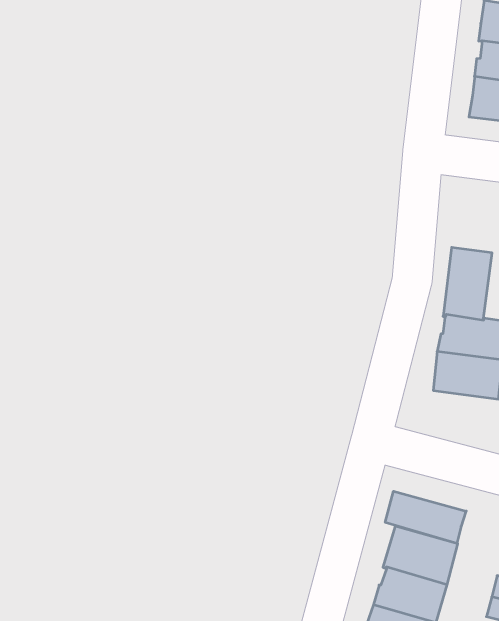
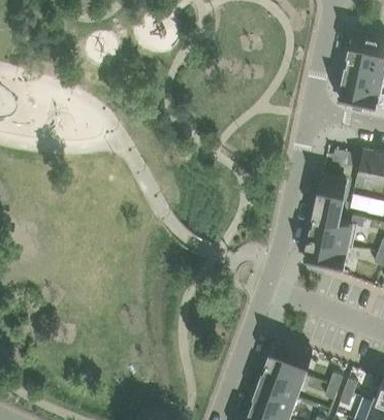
building: [385,491,466,544] -> none

